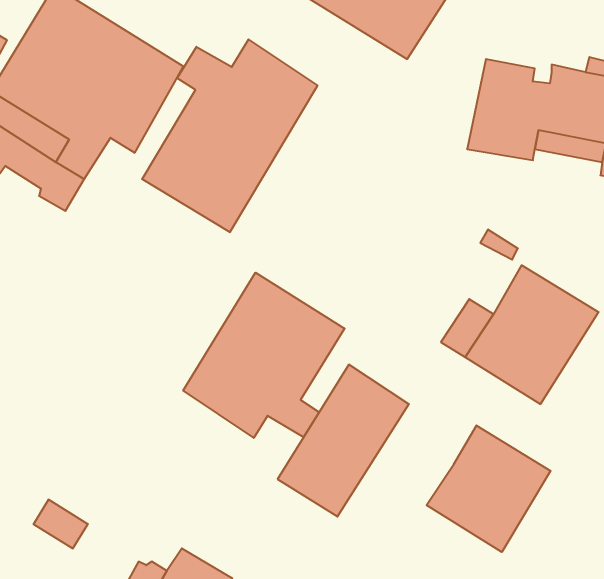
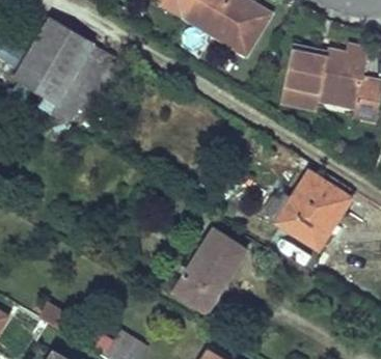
building: [142,39,317,232] -> none
building: [183,273,345,438] -> none
building: [427,425,551,552] -> none

